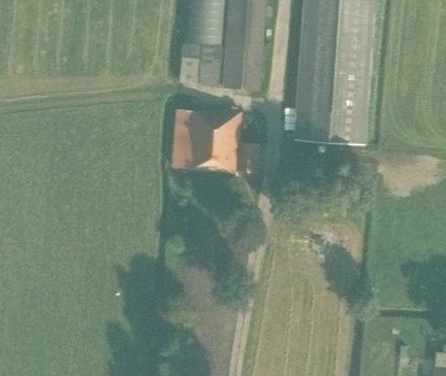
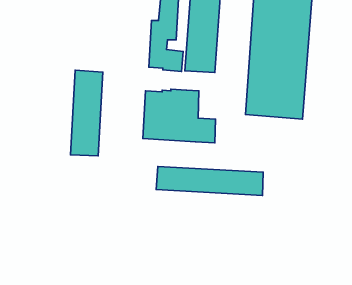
building: none -> [70,70,103,156]
building: none -> [156,166,263,195]

